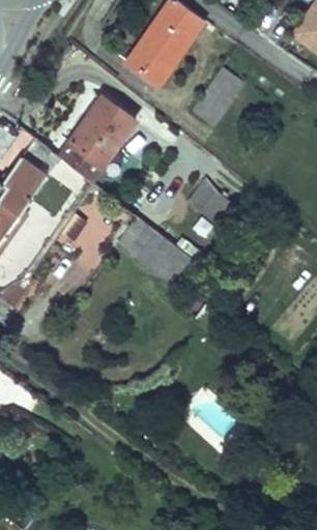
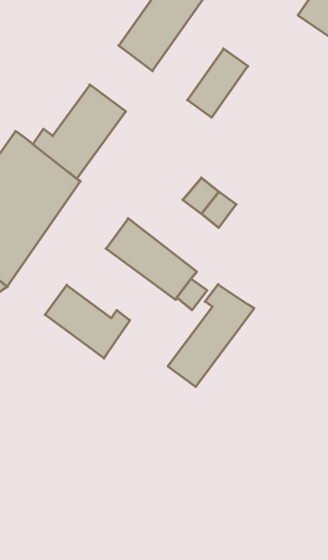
building: none -> [168,284,254,387]
building: none -> [45,285,130,358]

